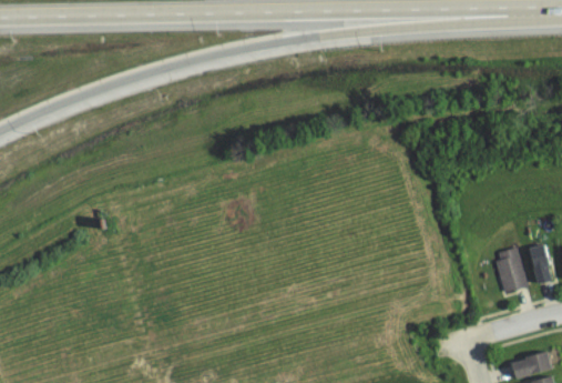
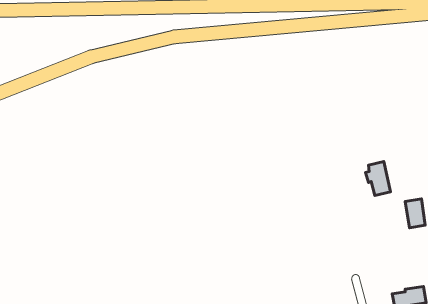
building: [491,249,521,290] -> [366,162,390,195]

